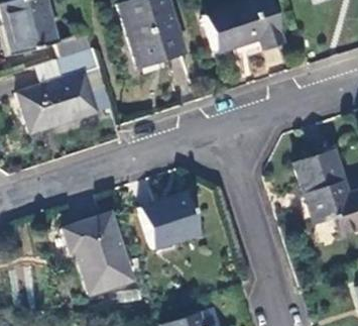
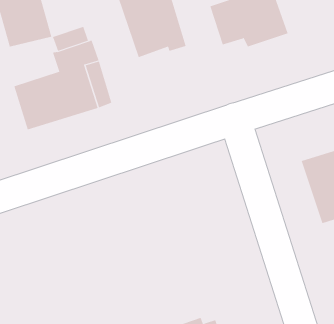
building: [142,192,201,247] -> none
building: [65,212,131,293] -> none

